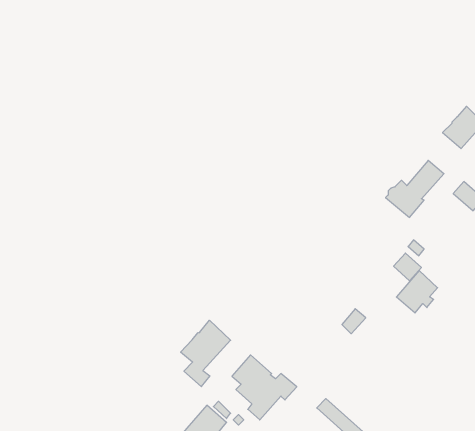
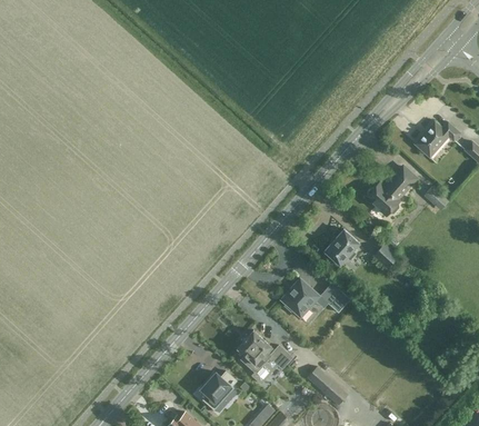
building: [396,270,438,313] -> [325,228,359,264]
building: none -> [281,277,320,316]
building: [181,320,231,387] -> none

